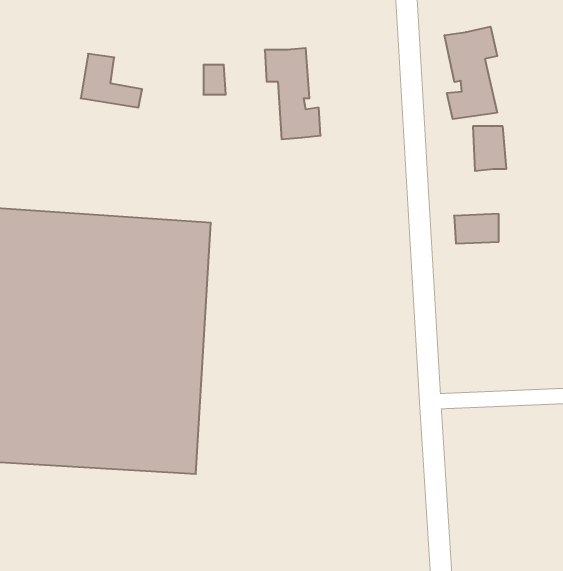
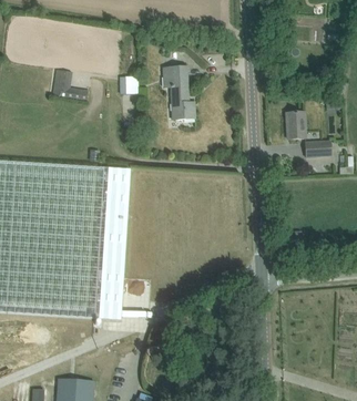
building: [445,27,497,119] -> none
building: [454,214,499,244] -> [305,140,332,157]

